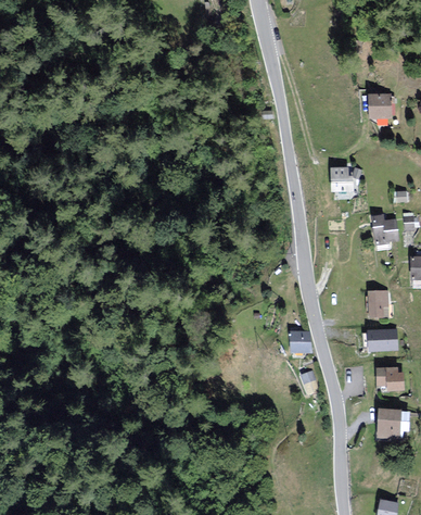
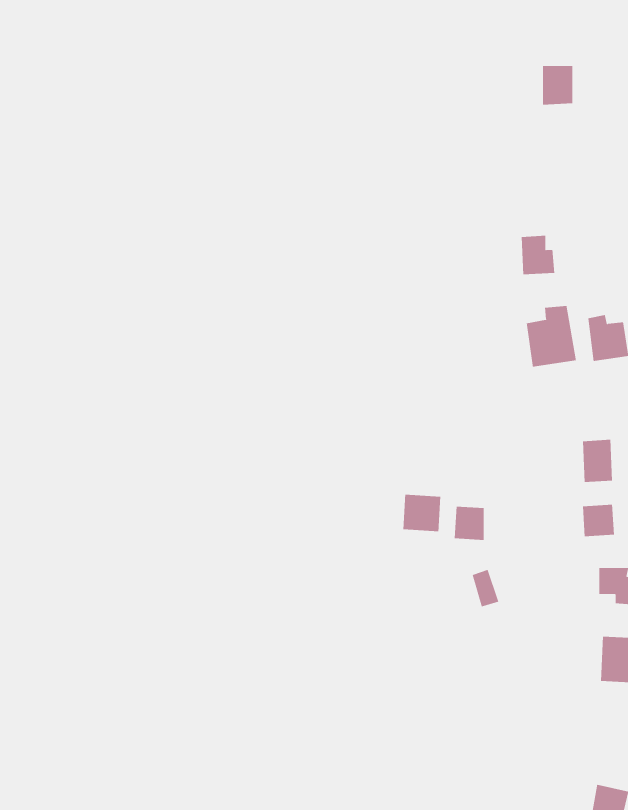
building: [370,95,388,118] -> [542,66,573,105]
building: none -> [526,305,576,367]
building: none -> [403,494,441,532]

